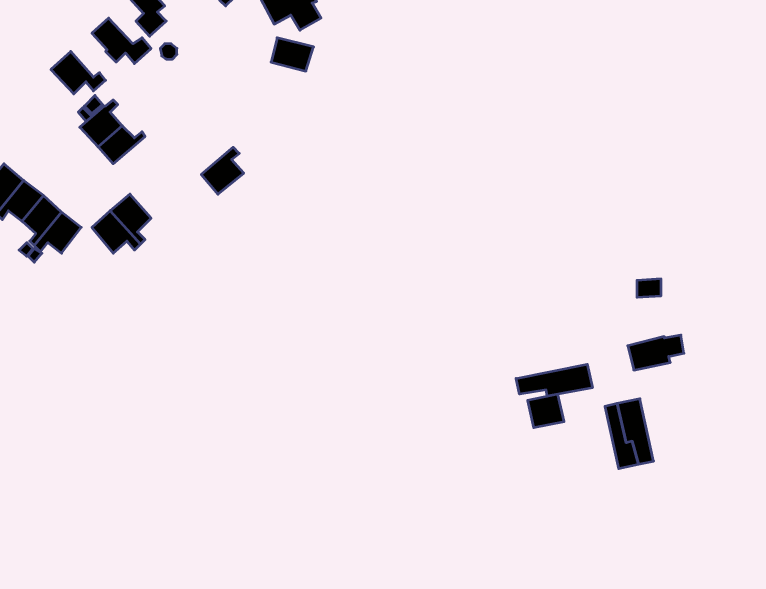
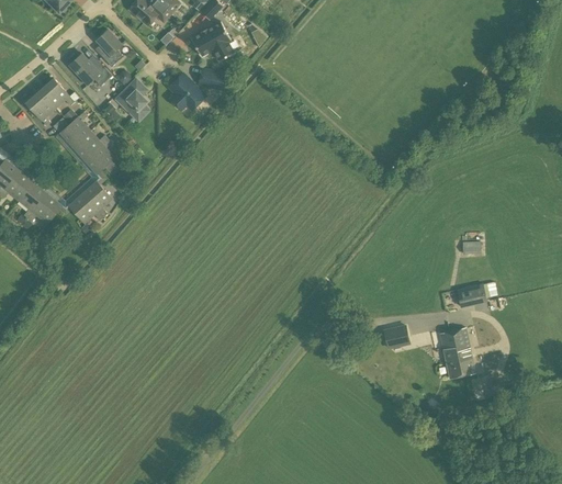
building: none -> [169,72,204,109]
building: none -> [115,83,148,120]
building: none -> [25,90,55,126]
building: [201,147,244,194] -> [83,138,114,172]
building: [516,364,592,396] -> none

